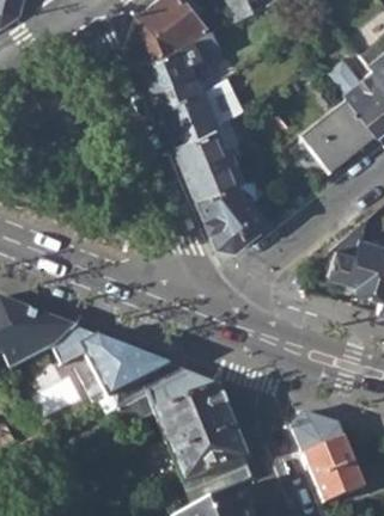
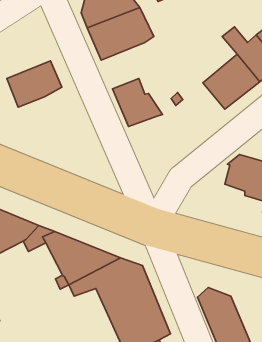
building: [160,79,236,142] -> [7,61,62,107]
building: [197,179,268,245] -> none

